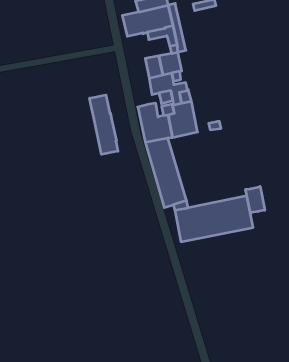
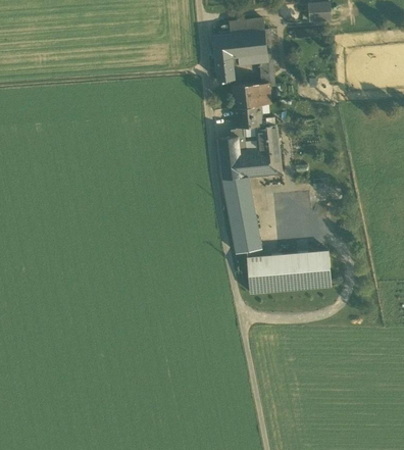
building: none -> [215,58,235,82]
building: [90,95,118,154] -> none
building: [246,186,265,213] -> none

